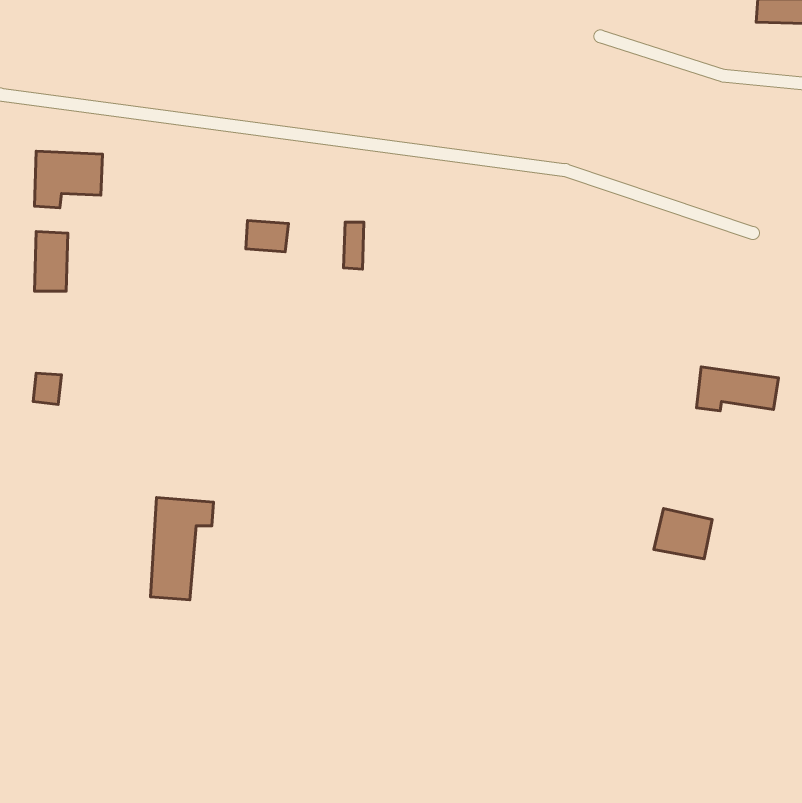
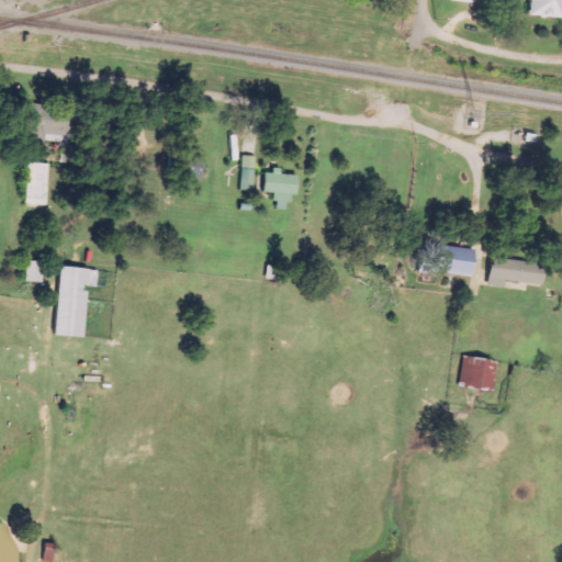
building: none -> [263,169,299,209]
building: none -> [427,243,475,276]
building: [150,497,213,600] -> [55,266,99,337]

